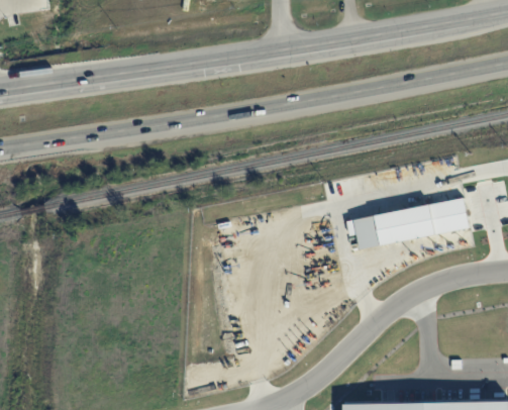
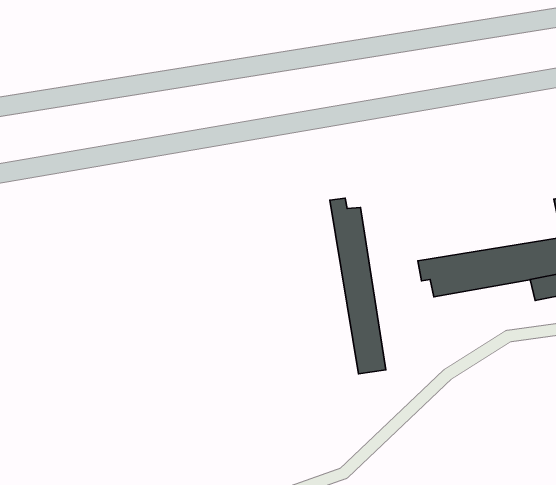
building: none -> [330,198,386,374]

